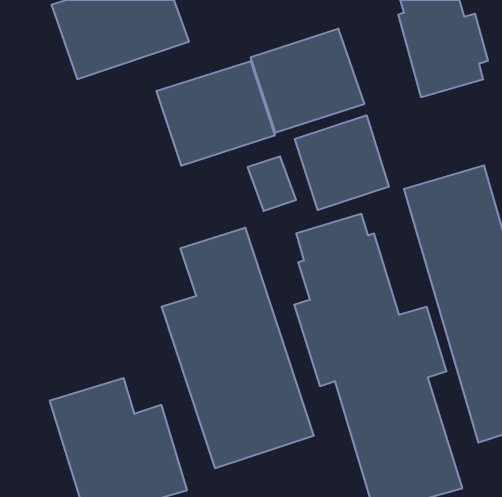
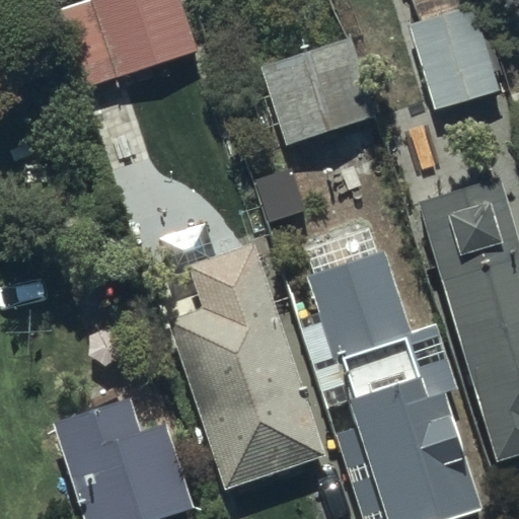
building: [157,61,275,166] -> none
building: [295,115,389,210] -> none

